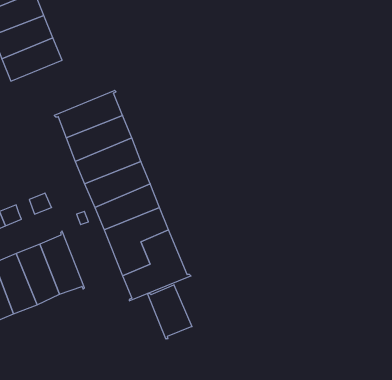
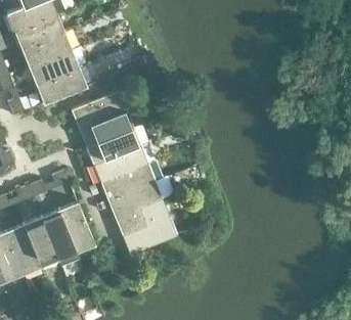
building: none -> [38,70,87,106]
building: [148,285,192,339] -> none

